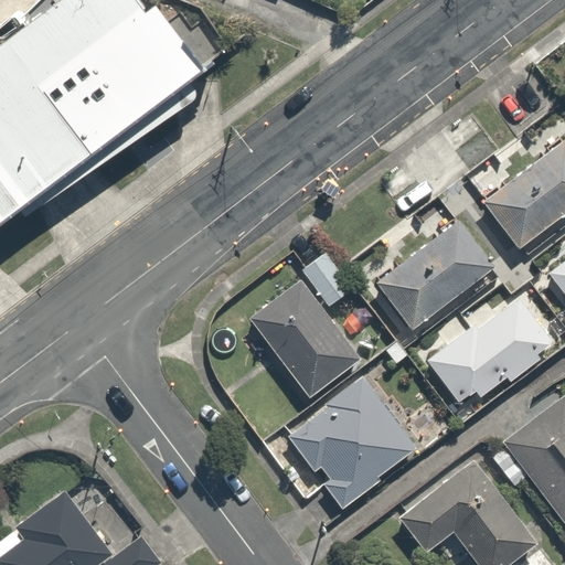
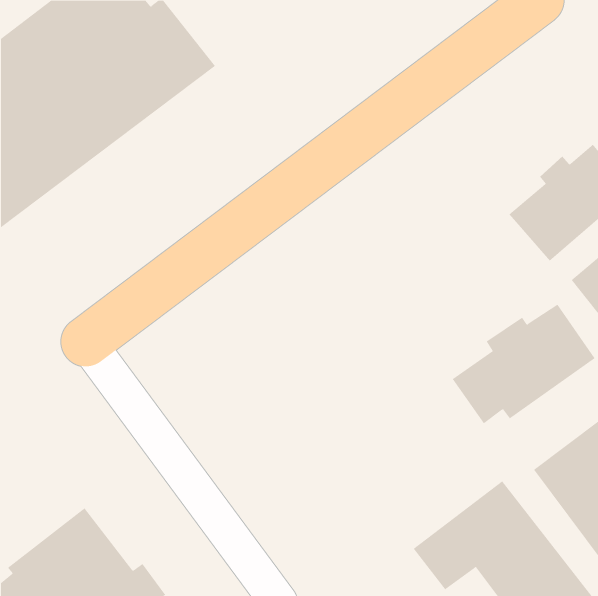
building: [372,217,498,333] -> none
building: [245,282,360,402] -> none
building: [280,374,424,516] -> none

